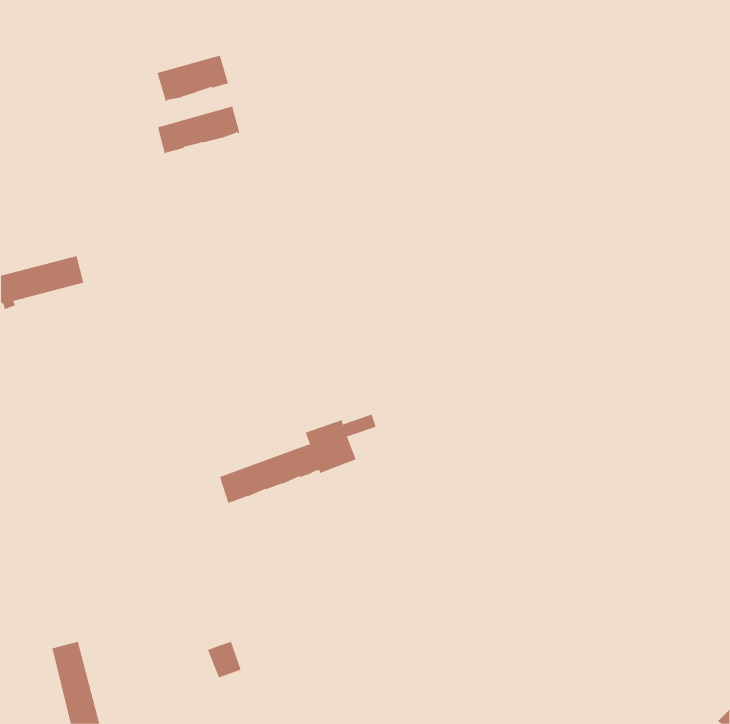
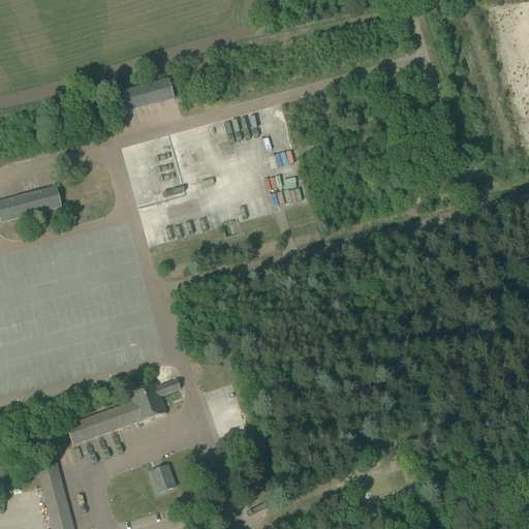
building: [157,55,229,102] -> none
building: [219,414,376,504] -> [66,378,180,443]

